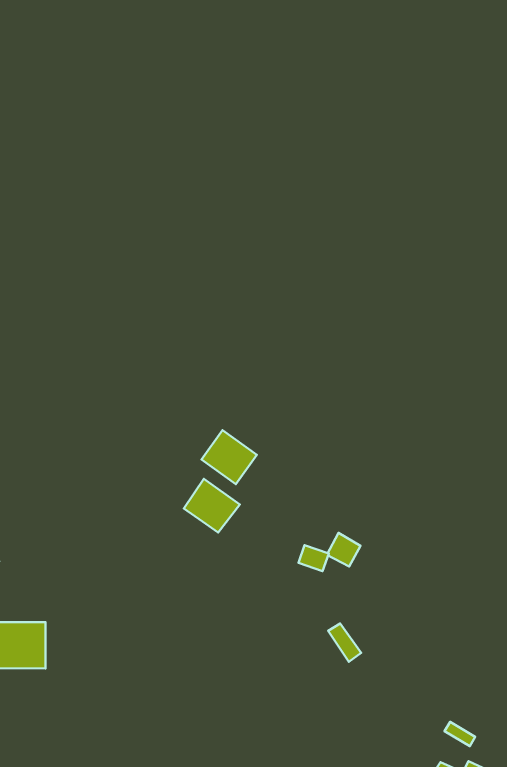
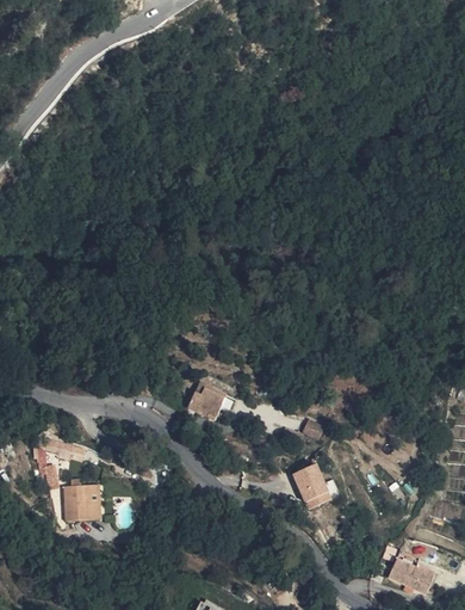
building: [202,430,257,484] -> none

